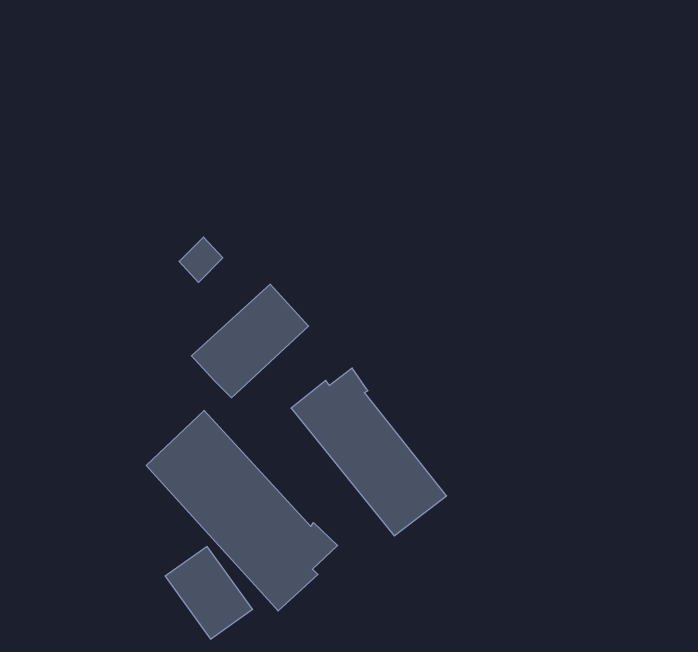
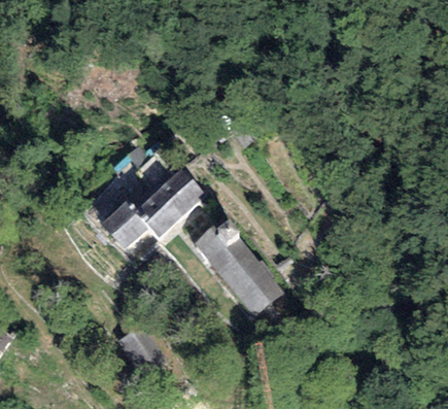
building: none -> [101,200,147,247]
building: [146,410,338,611] -> none

